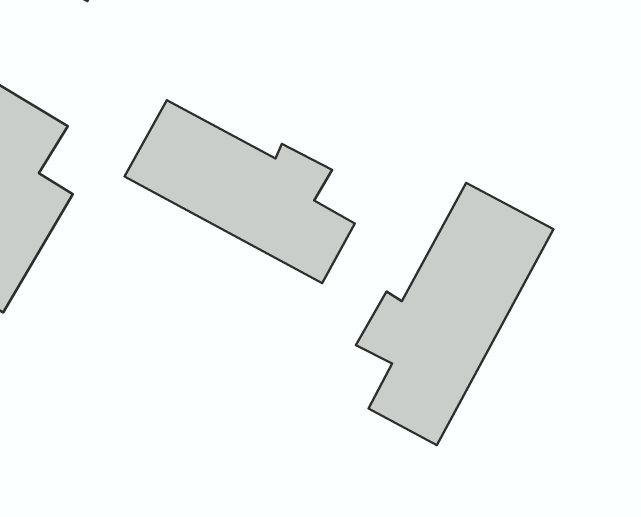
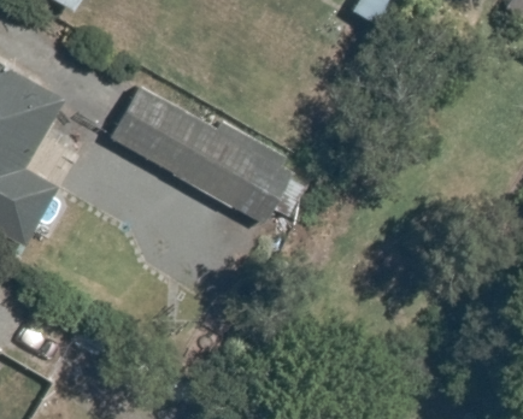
building: [356,183,553,445] -> none

